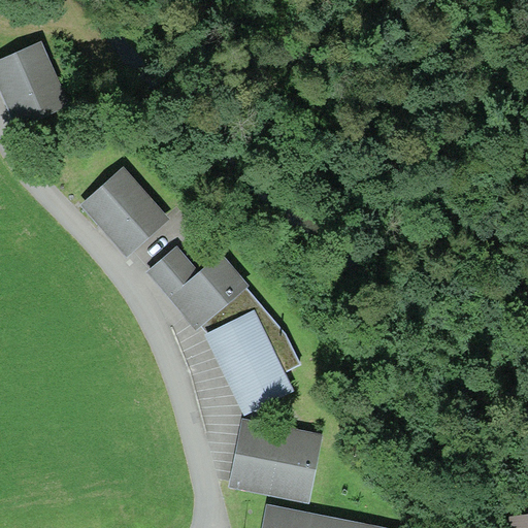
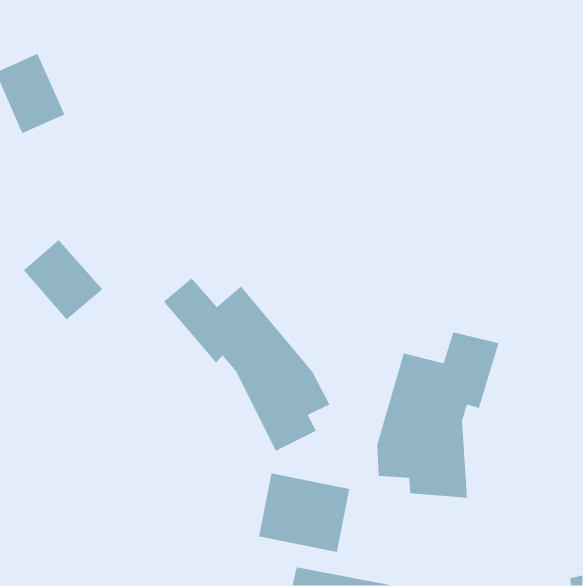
building: [87,174,159,248] -> [23,239,103,320]
building: none -> [376,332,500,499]

